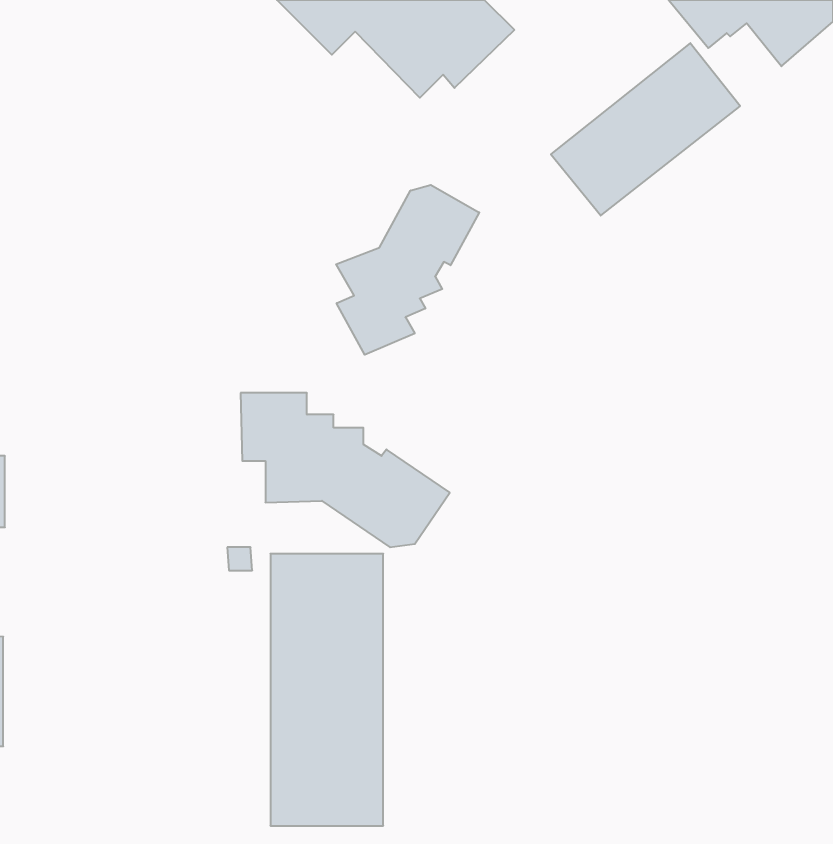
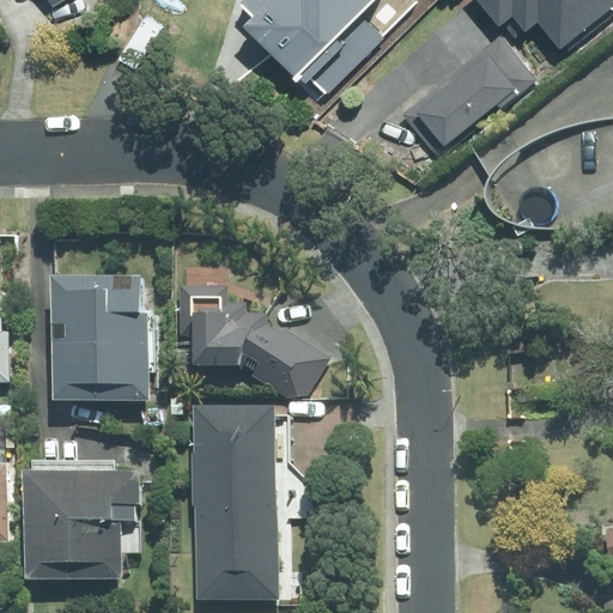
building: [336,185,479,355] -> none
building: none -> [53,274,148,400]
building: none -> [24,467,139,579]

